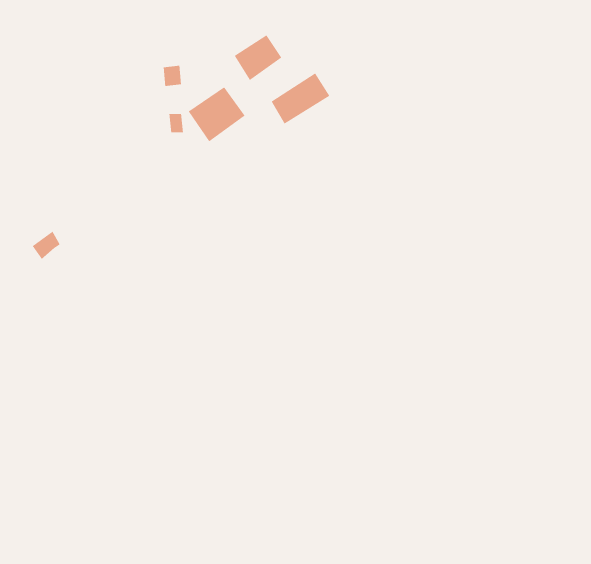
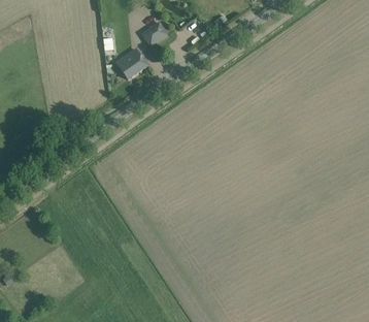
building: [271,72,330,124] -> none

